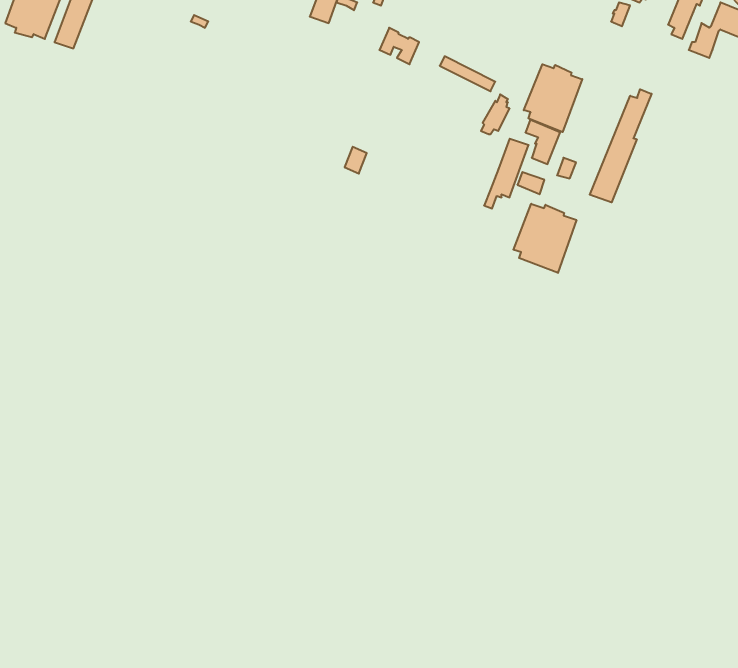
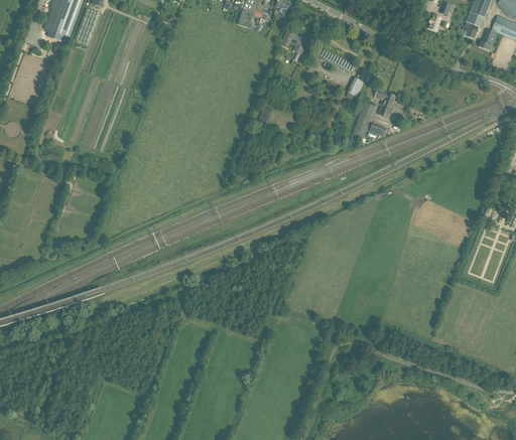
building: [524,64,582,132] -> none
building: [590,89,652,202] -> none
building: [513,204,576,273] -> none

